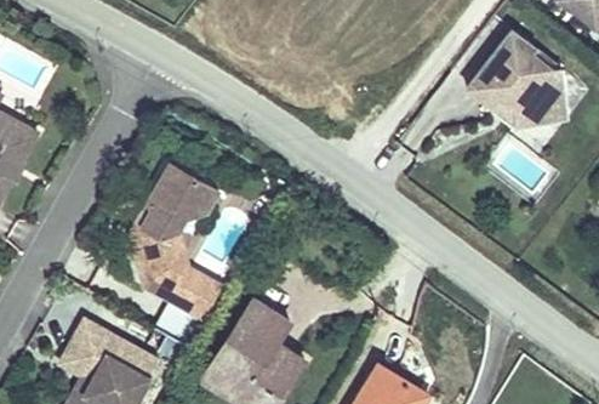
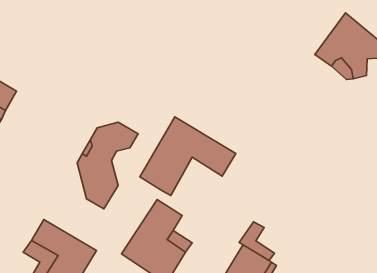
building: none -> [140,117,236,196]
building: [173,274,227,328] -> none
building: none -> [239,222,275,260]

